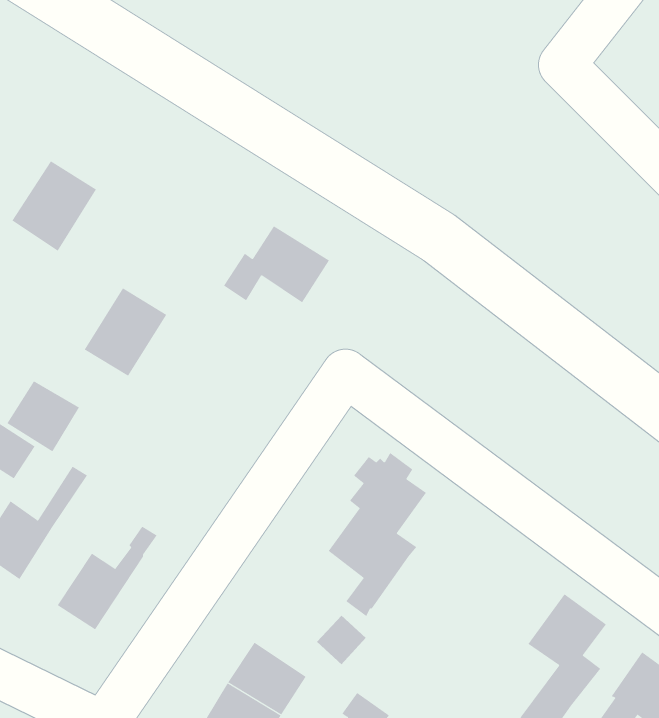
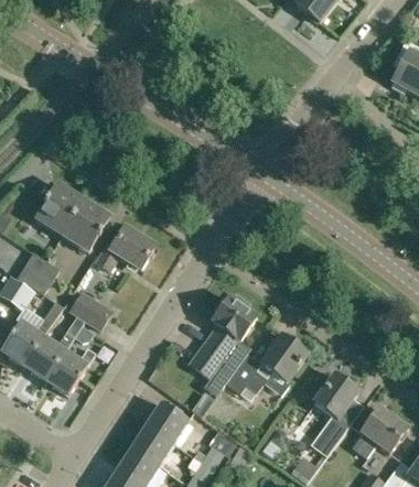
building: [12,160,97,251] -> [35,183,84,235]
building: [223,226,330,303] -> [96,226,157,270]
building: none -> [69,291,111,329]
building: none -> [25,317,82,380]
building: none -> [261,335,307,382]
building: none -> [226,353,267,393]

